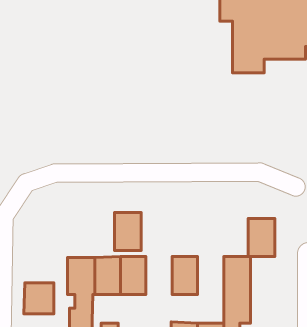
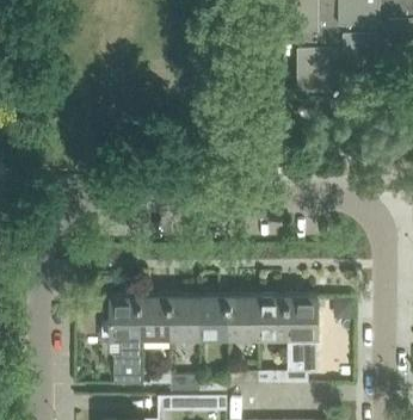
building: [115,212,141,250] -> [199,296,229,339]
building: [248,219,275,257] -> [258,296,288,339]
building: [24,283,54,314] -> none

